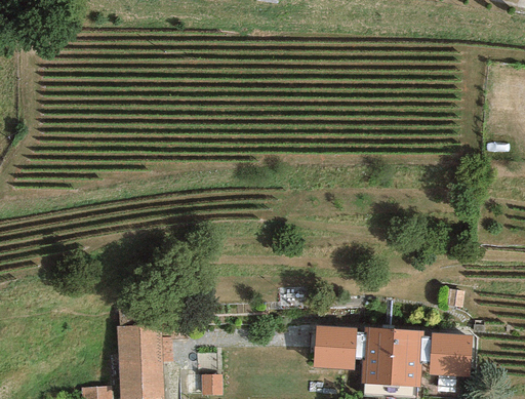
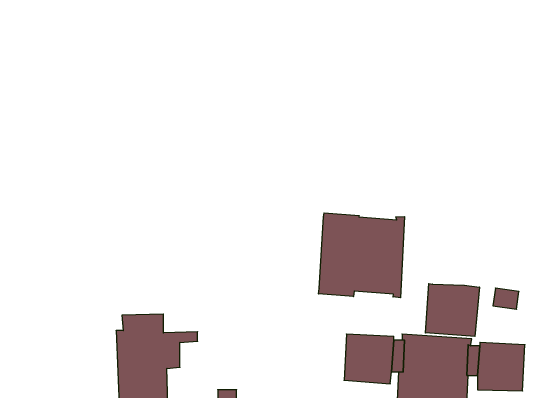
building: none -> [319,213,405,298]
building: none -> [425,284,479,336]

